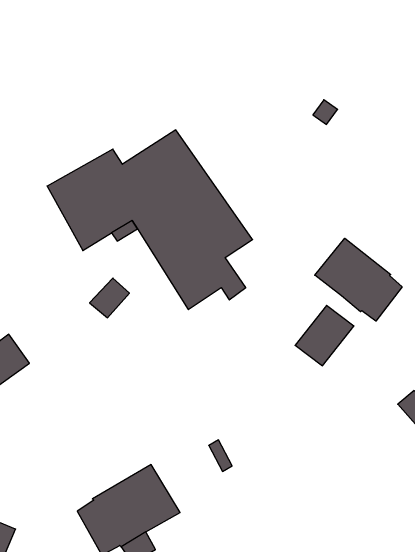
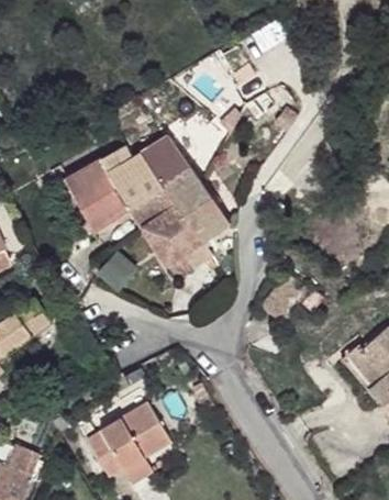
building: [315,238,402,321] -> none

